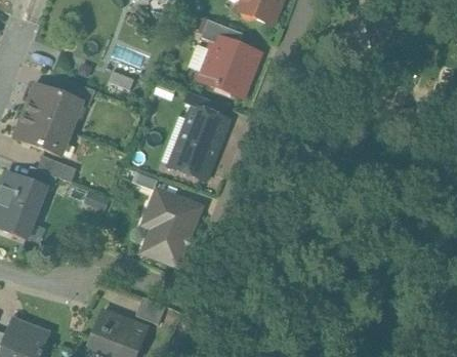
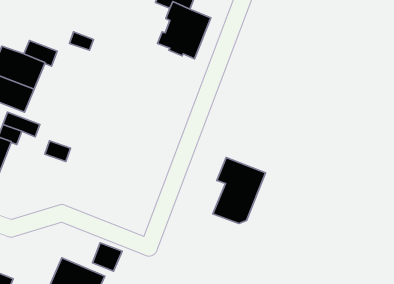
building: [169,107,226,180] -> none
building: [142,191,199,262] -> [213,158,265,223]

